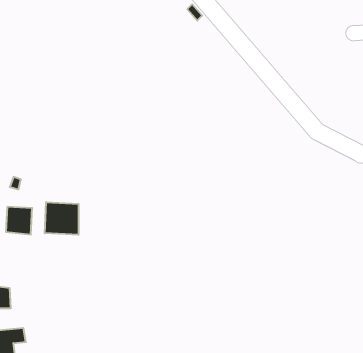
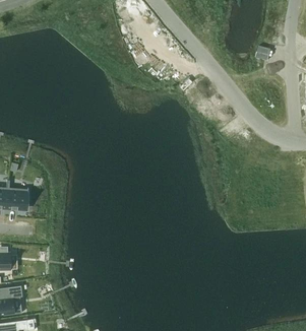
building: [45,202,78,235] -> none

